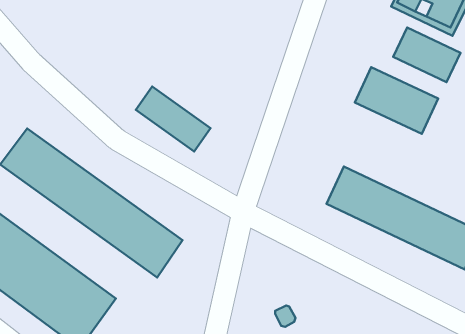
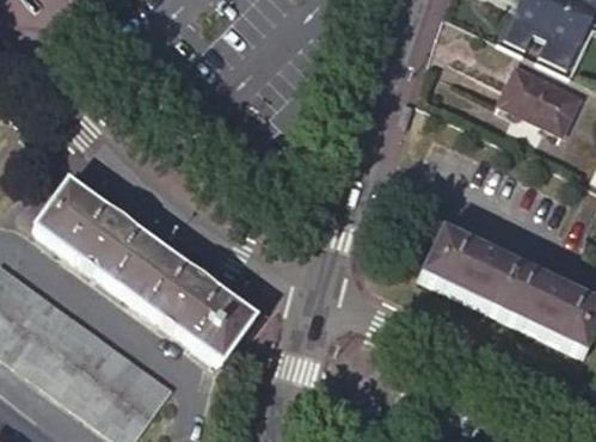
building: [355,67,438,134] -> none
building: [136,86,211,152] -> none

